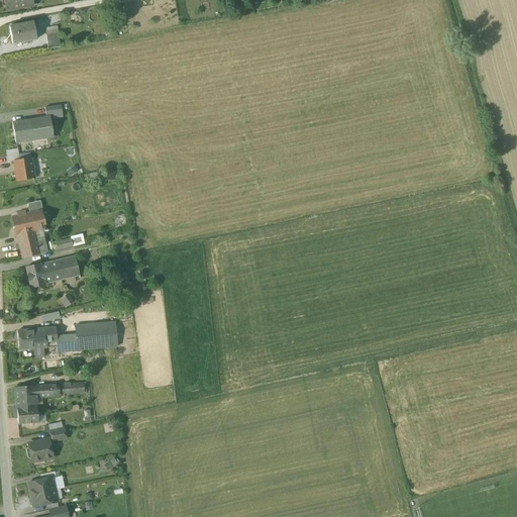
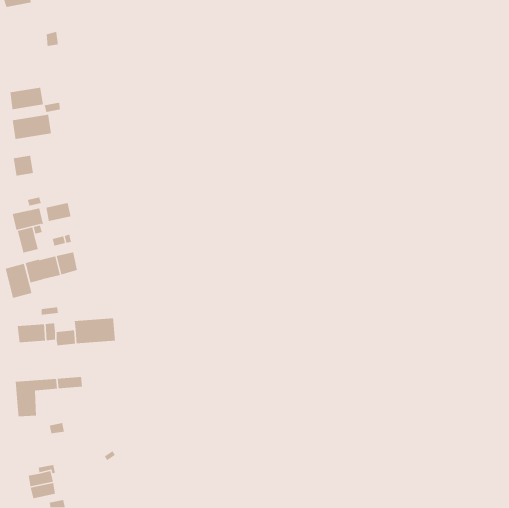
building: [10,20,37,41] -> none
building: none -> [10,87,44,110]
building: none -> [46,202,72,222]
building: none -> [5,263,33,299]
building: [27,437,54,460] -> none

